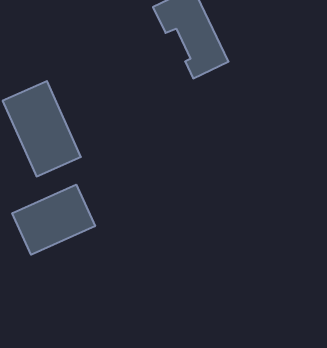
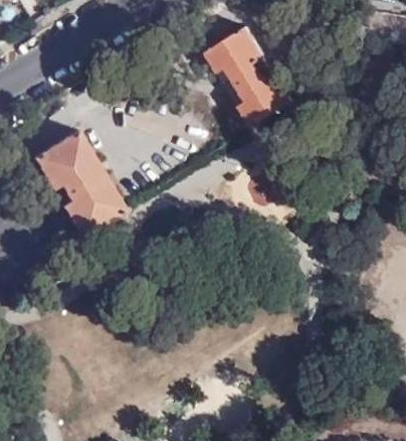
building: [12,185,95,255] -> none

